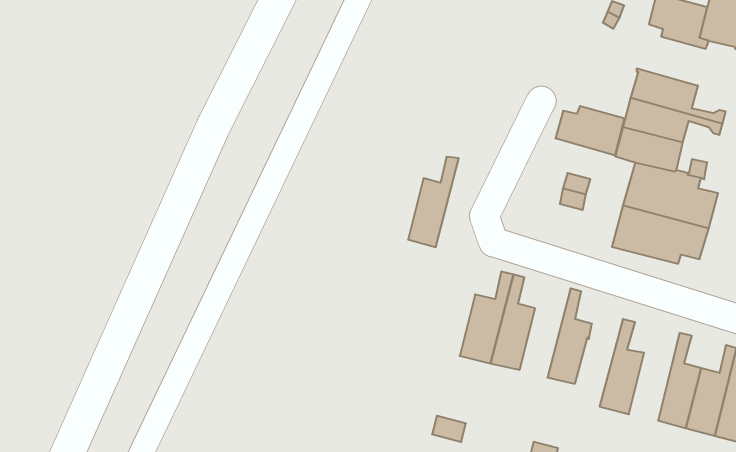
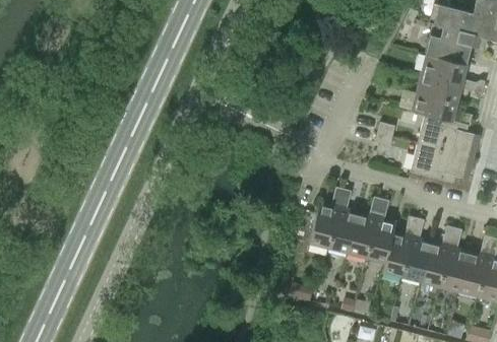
building: [555,106,625,155] -> [426,32,472,65]
building: [408,157,459,247] -> [349,198,382,258]
building: none -> [382,217,417,277]
building: none -> [421,226,454,286]

